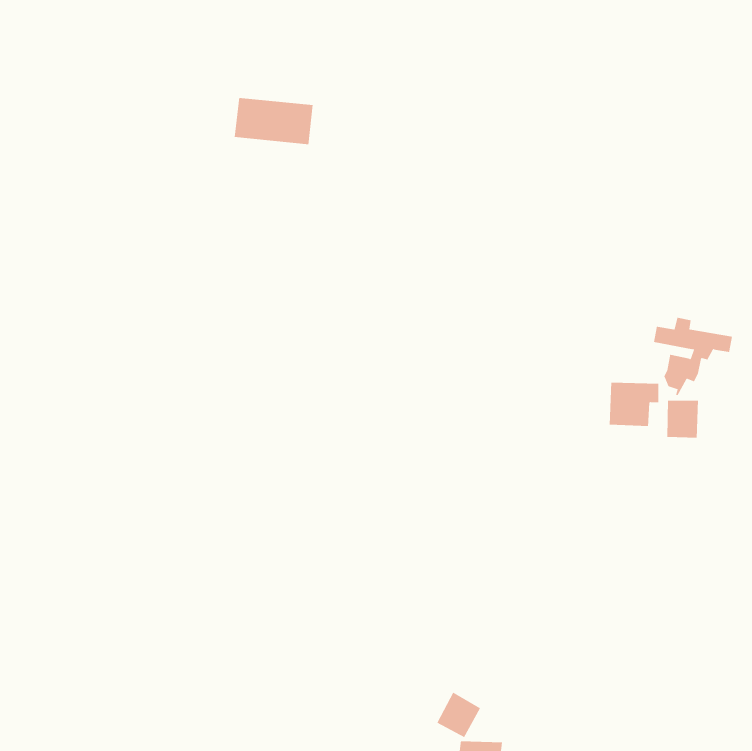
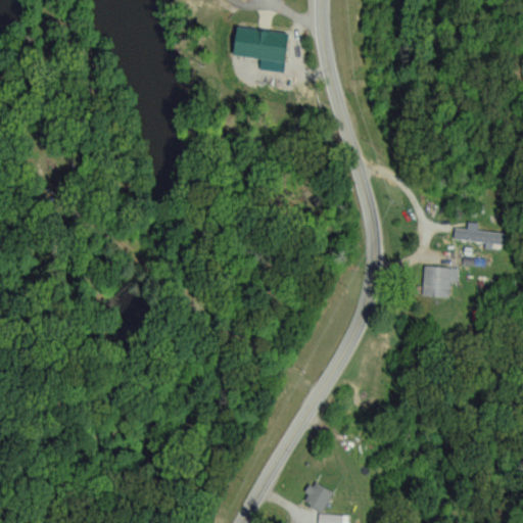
building: [234,97,314,145] -> [236,29,291,61]
building: [667,400,698,439] -> none

